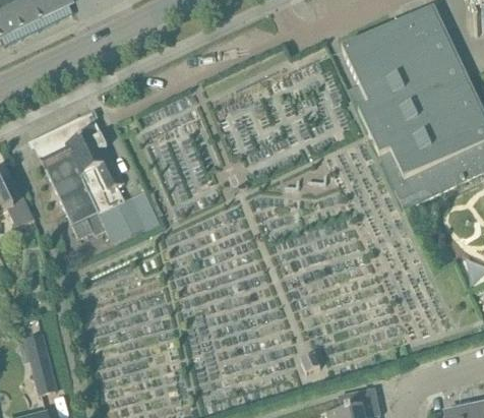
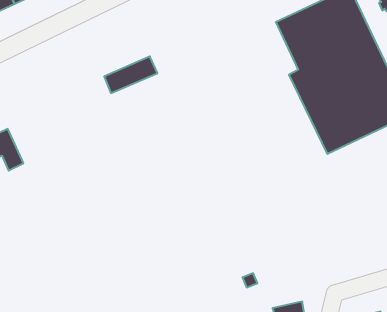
building: [33,114,162,240] -> none
building: [25,333,56,394] -> none

